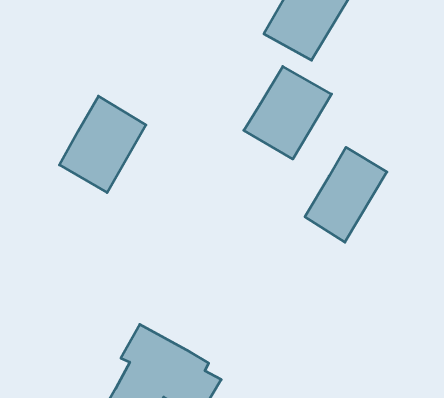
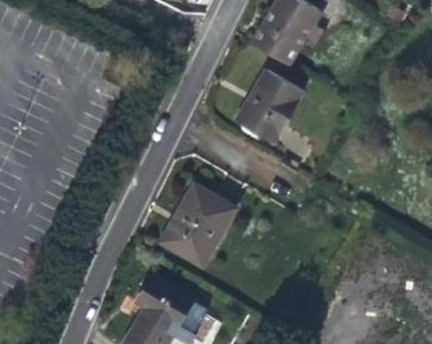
building: [59,96,146,193] -> [163,188,233,265]
building: [305,147,387,242] -> none

